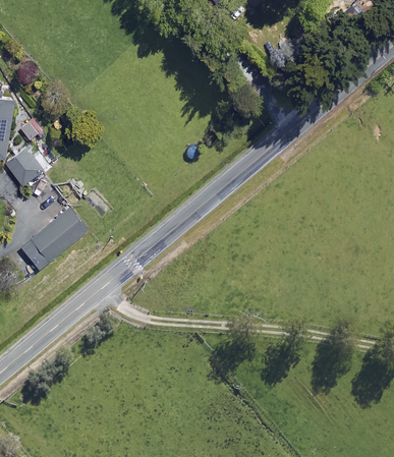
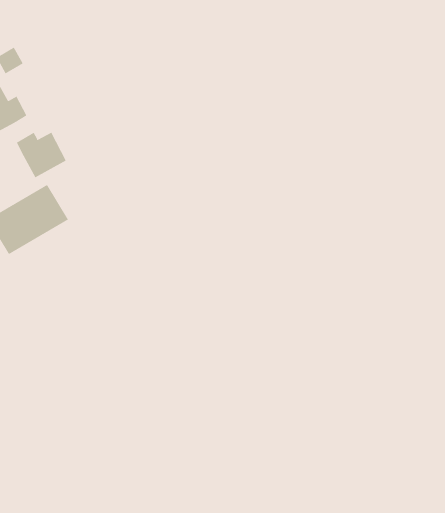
building: none -> [16,132,67,178]

